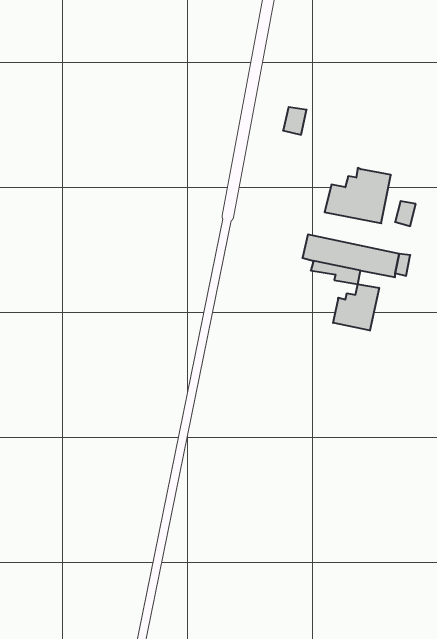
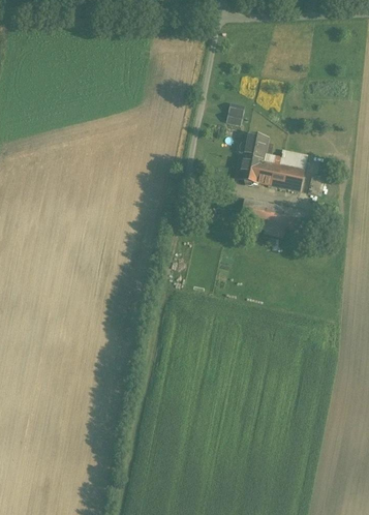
building: none -> [238,134,269,183]
building: [333,284,379,331] -> none

